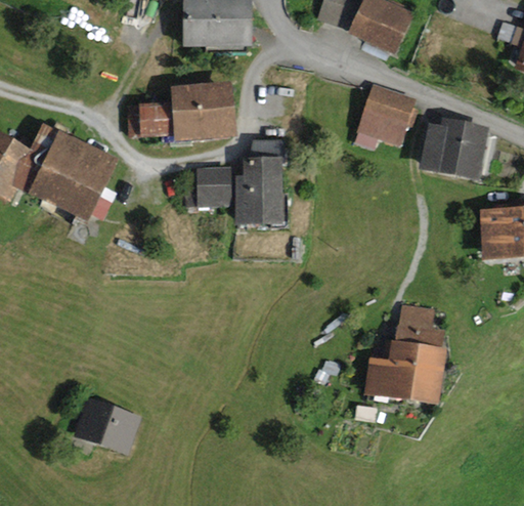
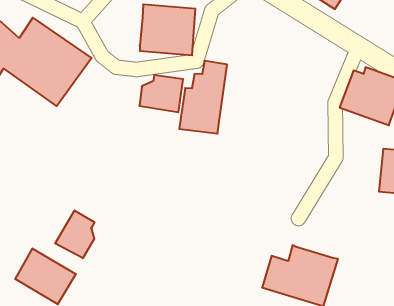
building: [357,84,417,145] -> none
building: [127,101,173,136] -> none
building: [395,303,444,347] -> none
building: none -> [55,210,94,258]

